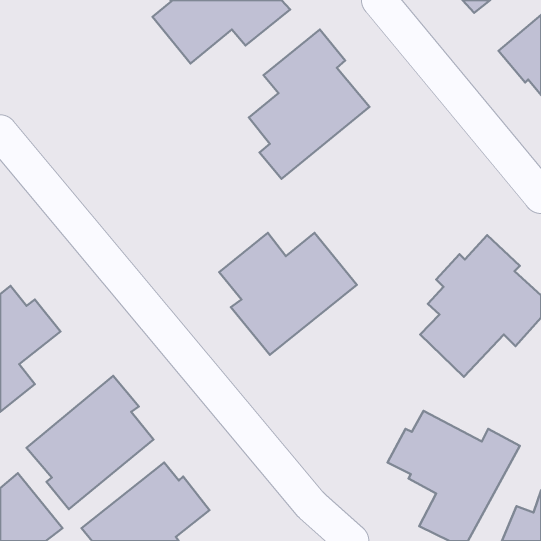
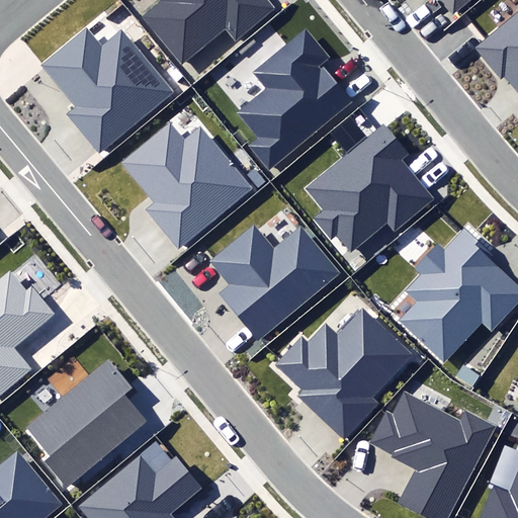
building: none -> [41,28,172,154]
building: none -> [121,121,250,248]
building: none -> [307,125,434,253]
building: none -> [275,308,415,442]

